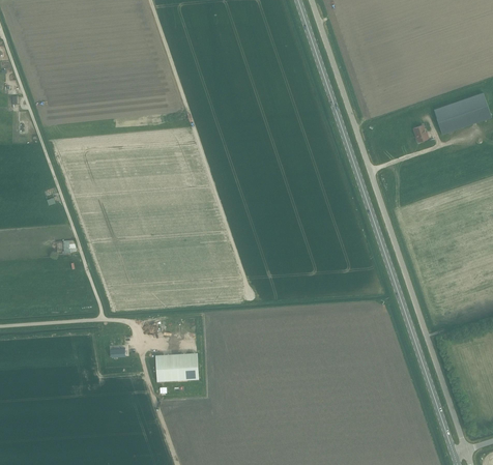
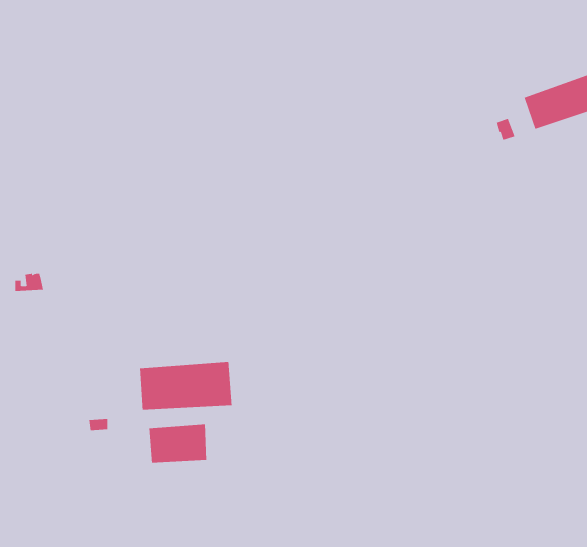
building: none -> [140,361,232,411]

